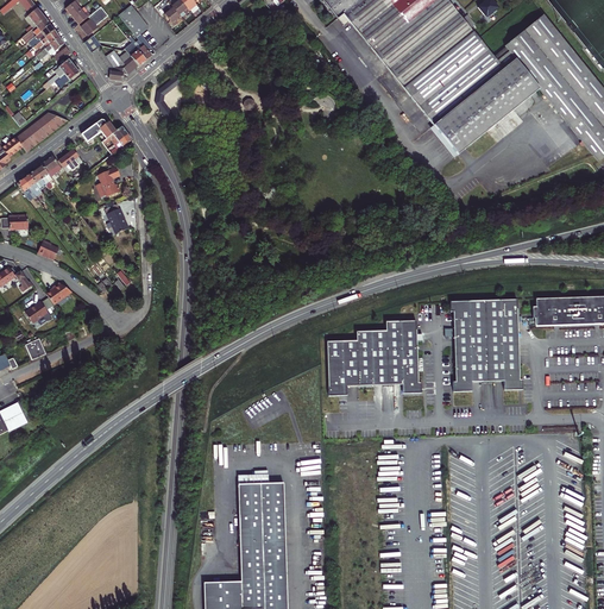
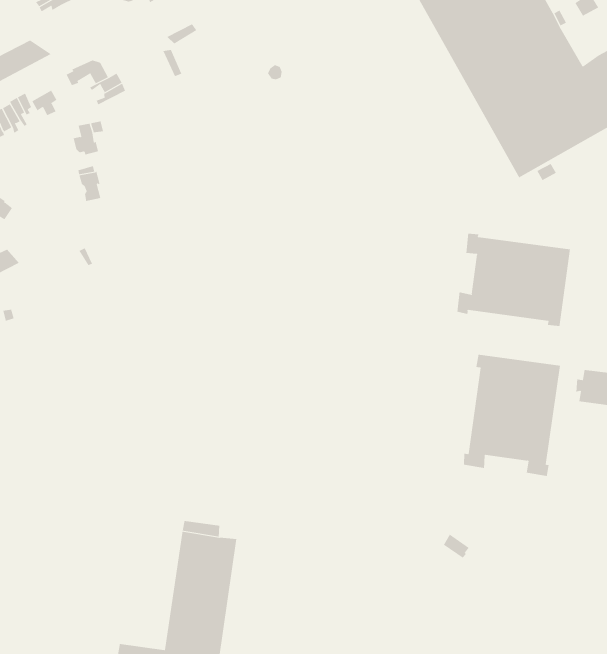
building: none -> [457,233,571,327]
building: [326,320,421,395] -> none

